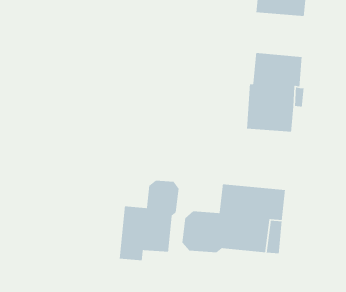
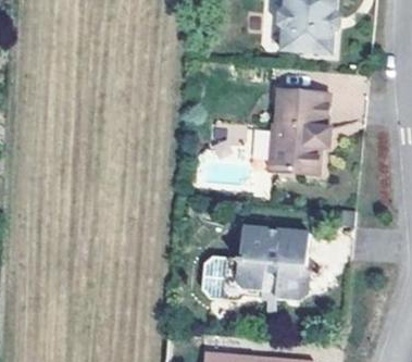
building: [119,180,179,261] -> none

